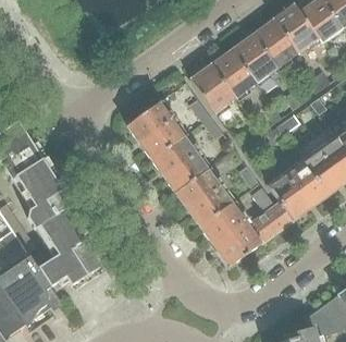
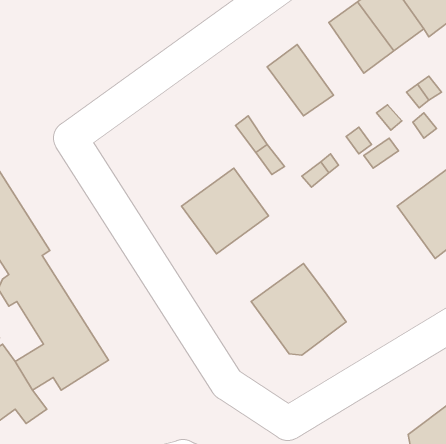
building: [232,34,277,84] -> none
building: [190,64,236,114] -> none
building: [132,99,188,160] -> none
building: [267,160,326,221] -> none
building: [176,167,236,225] -> none
building: [240,167,288,240] -> none

